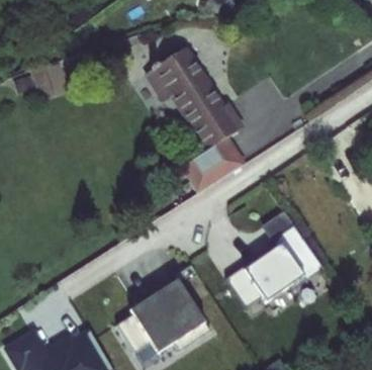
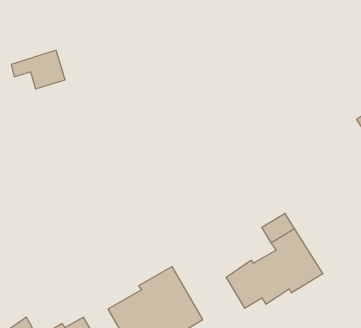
building: [147,49,241,187] -> none

